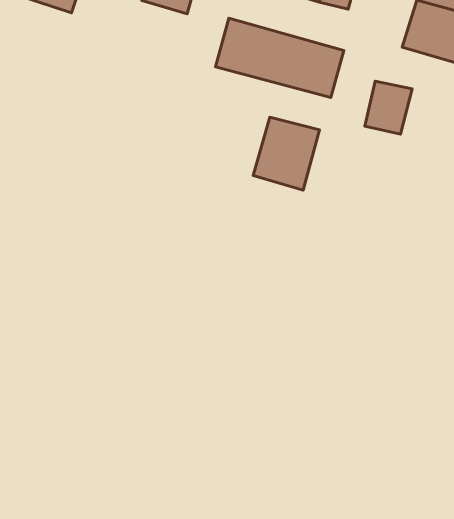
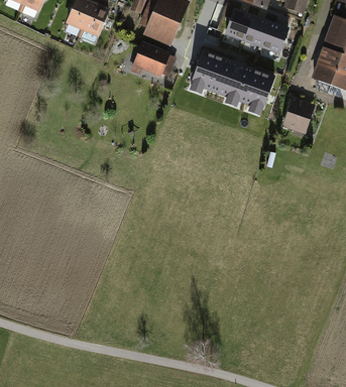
building: none -> [133,41,179,81]
building: [253,117,319,190] -> none

